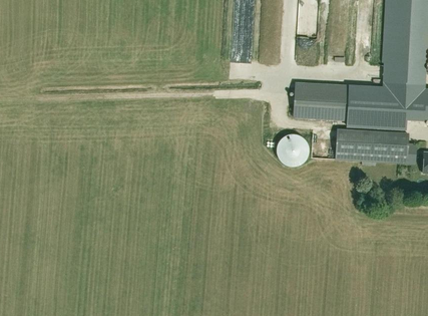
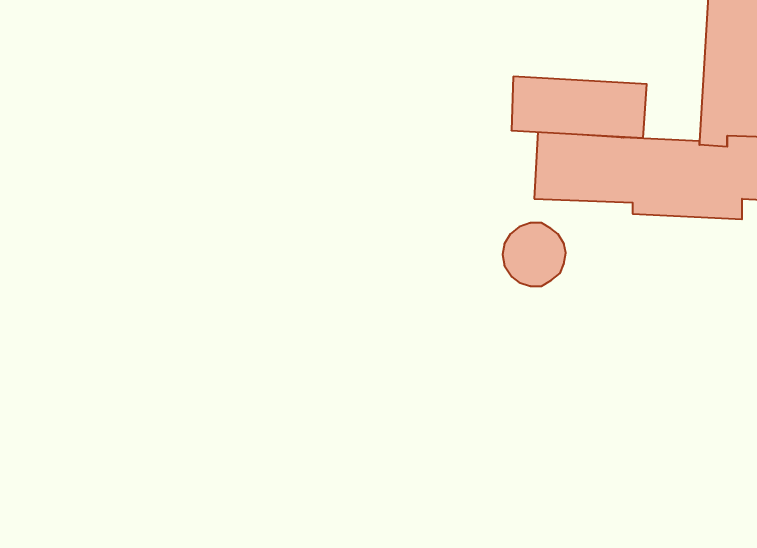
building: [336,130,409,164] -> [511,77,647,138]

